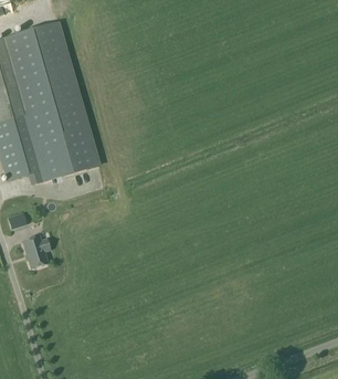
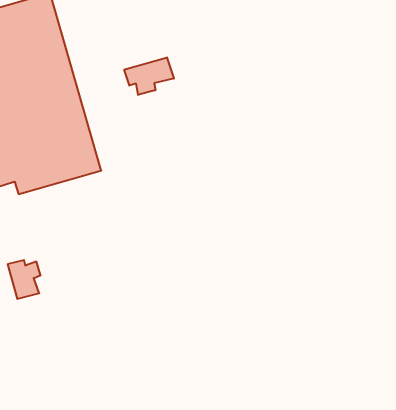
building: none -> [124,57,174,95]

